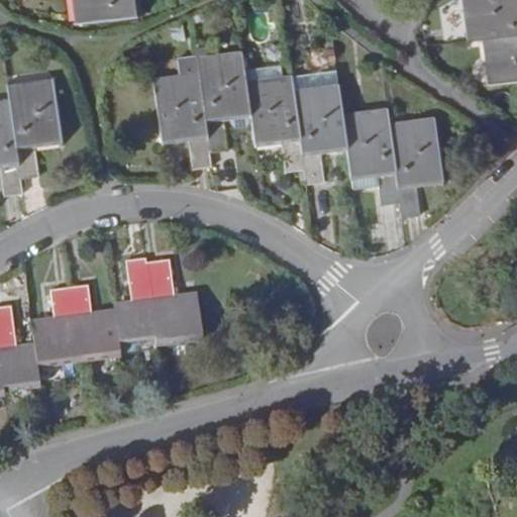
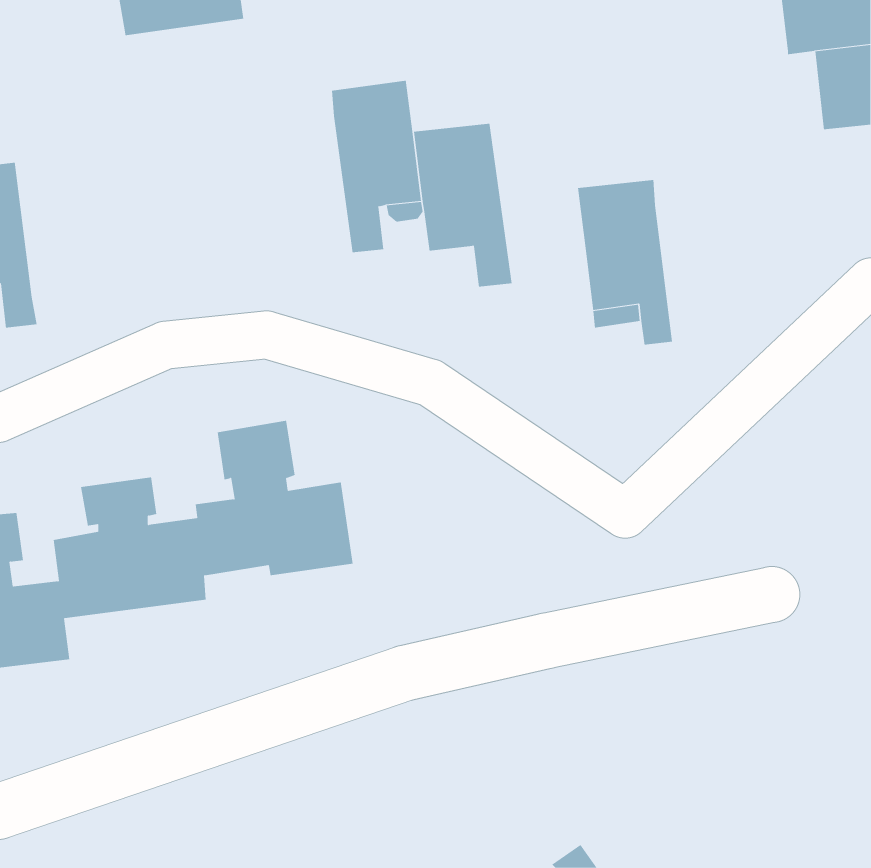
building: [151,69,210,169] -> none
building: [7,75,62,176] -> none
building: [293,82,346,183] -> none
building: [388,115,442,216] -> none

